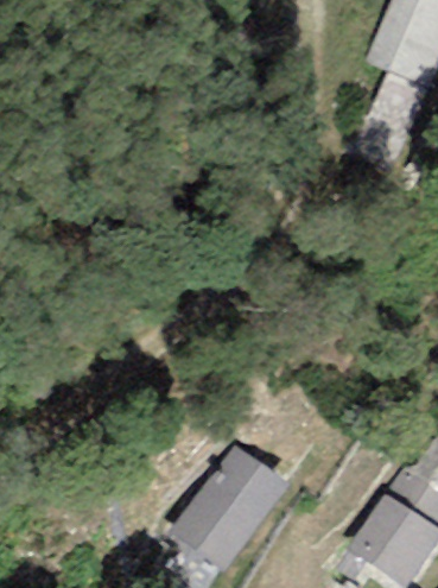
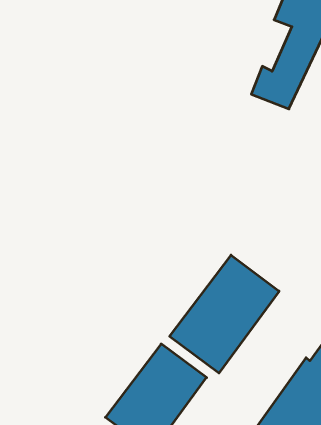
building: none -> [170,255,279,373]

